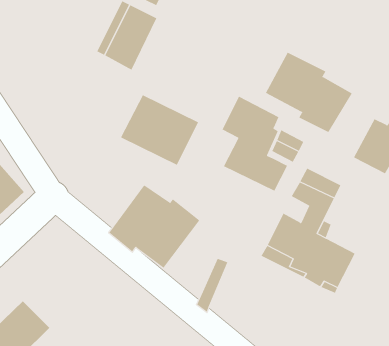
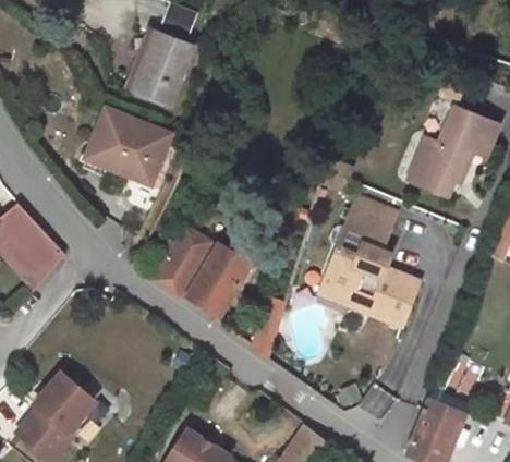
building: [265,52,352,133] -> none
building: [120,95,199,166] -> [87,108,169,180]
building: [222,96,288,191] -> none

